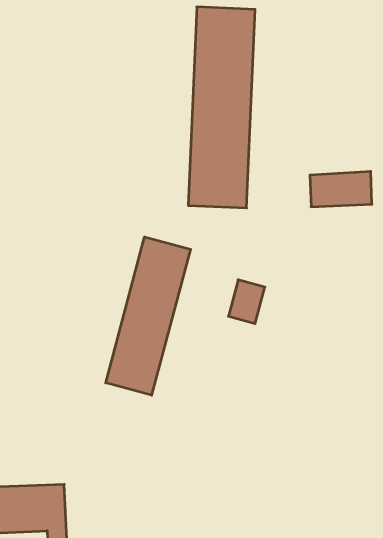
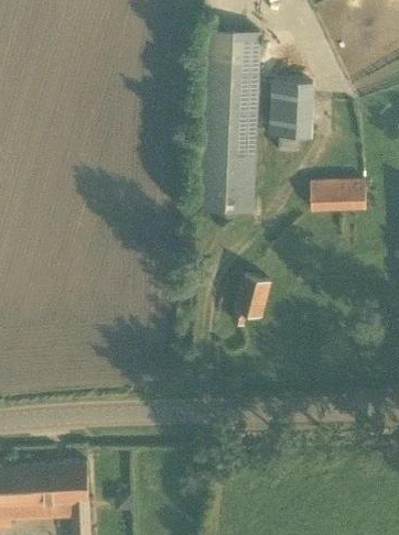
building: none -> [269,84,316,154]
building: [106,237,191,395] -> none

